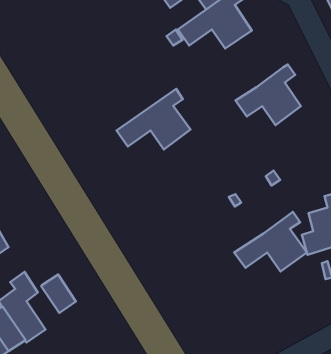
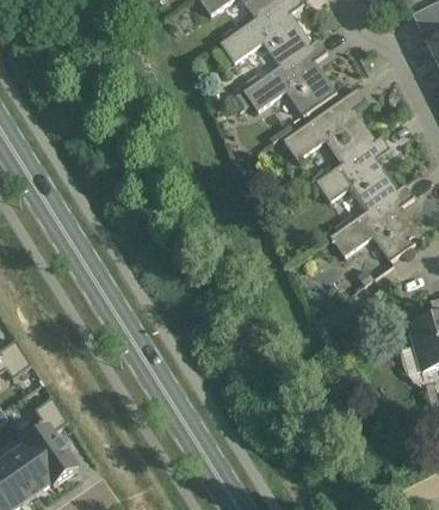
building: [117,89,190,149] -> [283,87,376,164]
building: [234,212,307,271] -> [329,184,421,259]
building: [41,275,76,313] -> none

